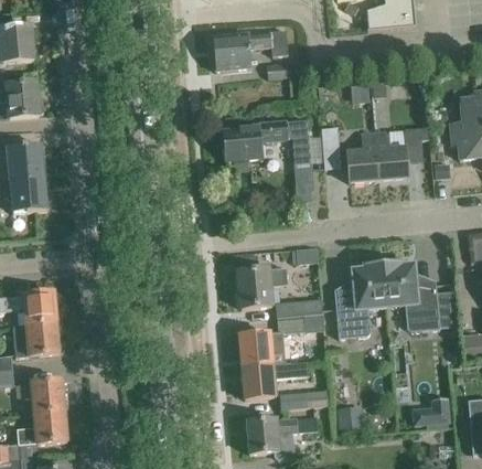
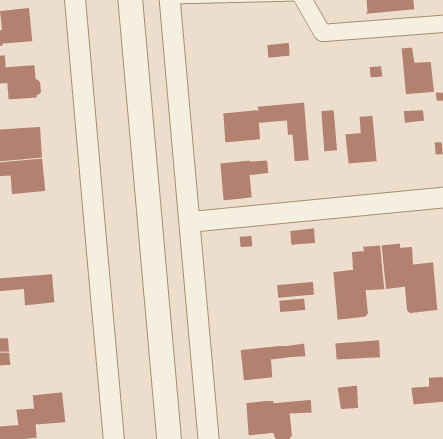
building: [213,29,288,70] -> none
building: [375,131,409,179] -> [401,47,435,94]
building: [238,267,288,308] -> [220,160,269,201]
building: [13,320,60,356] -> none
building: [239,332,283,367] -> none
building: [19,379,64,413] -> none
building: [283,388,330,408] -> [335,340,381,360]

